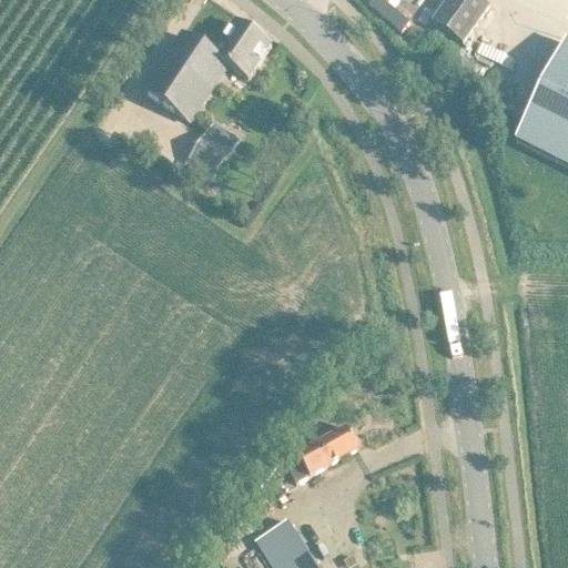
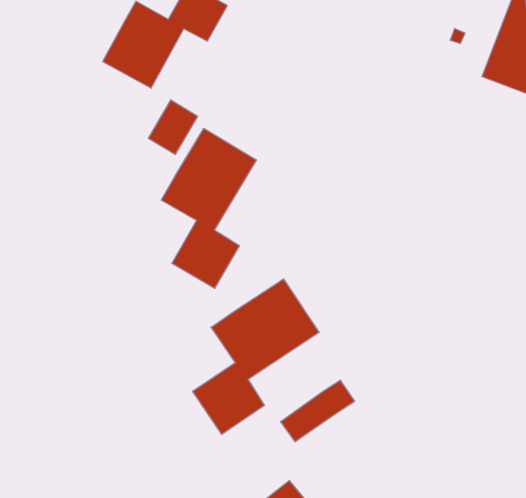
building: none -> [161,128,256,288]
building: none -> [193,279,319,434]

